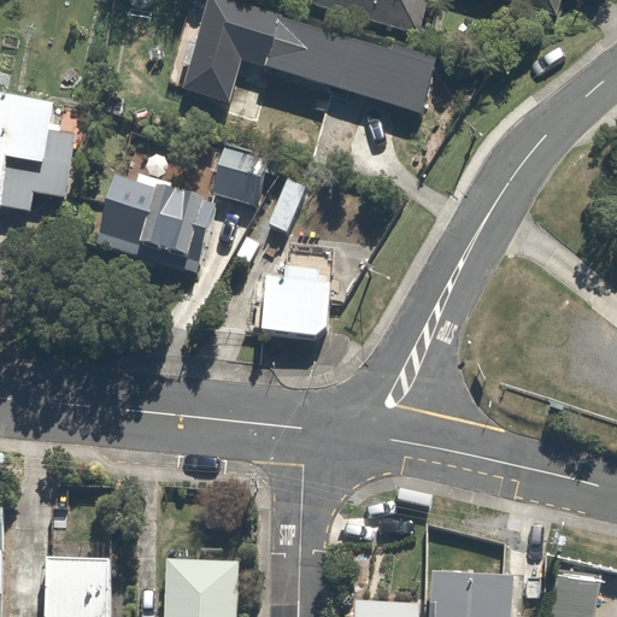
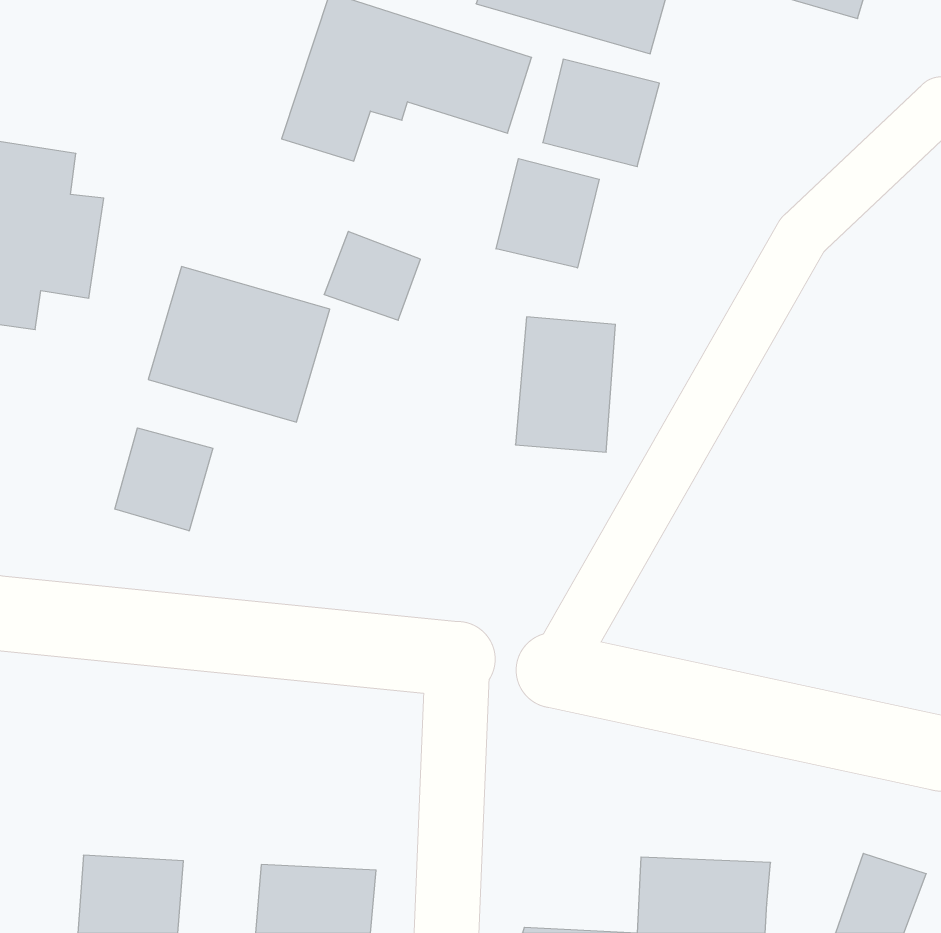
building: none -> [496,159,599,268]
building: [259,247,324,335] -> [515,317,615,452]
building: none -> [115,428,213,531]

